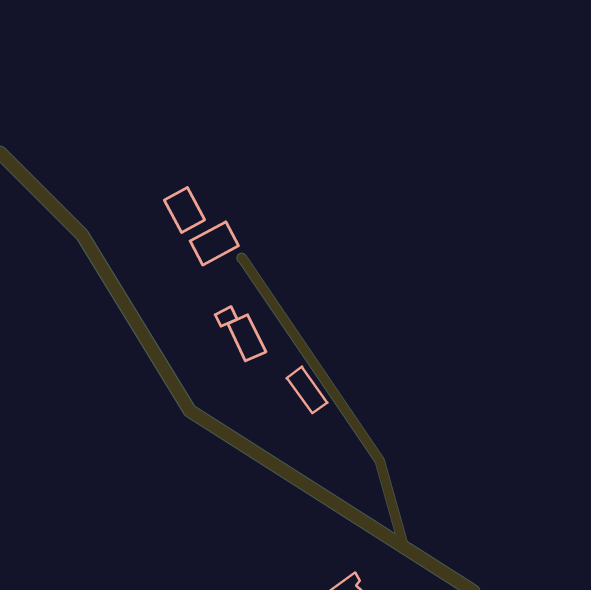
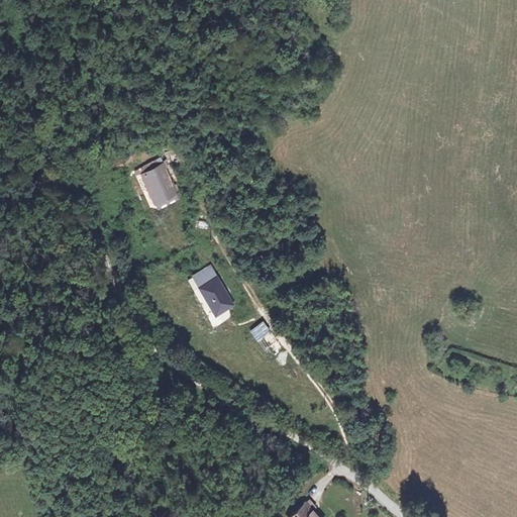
building: [190,222,238,265] -> none

